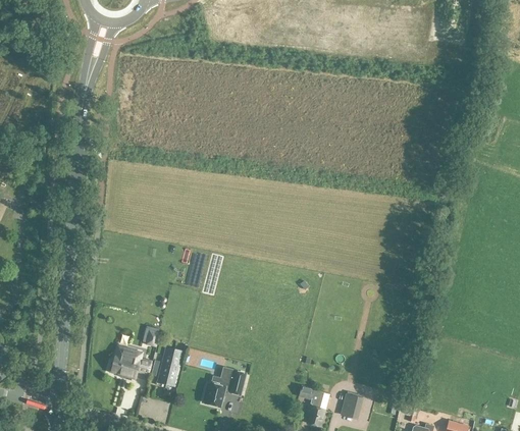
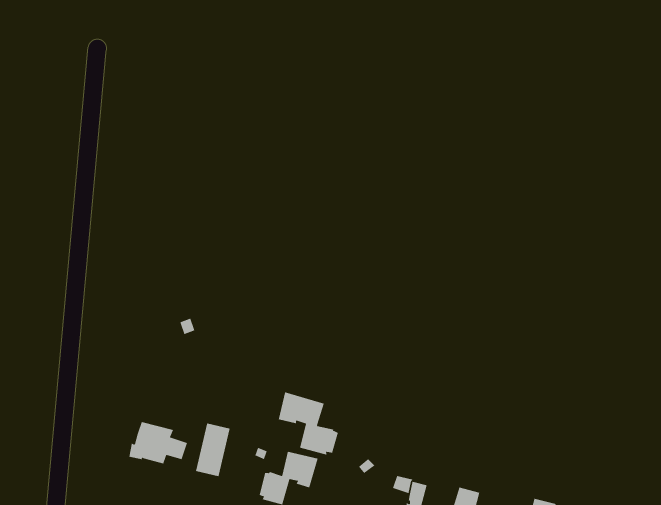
building: none -> [278,392,339,455]

